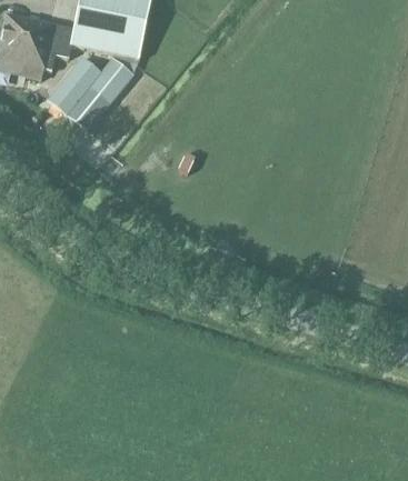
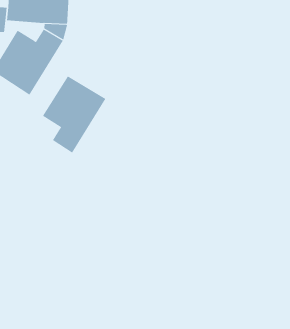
building: none -> [42,76,106,154]

